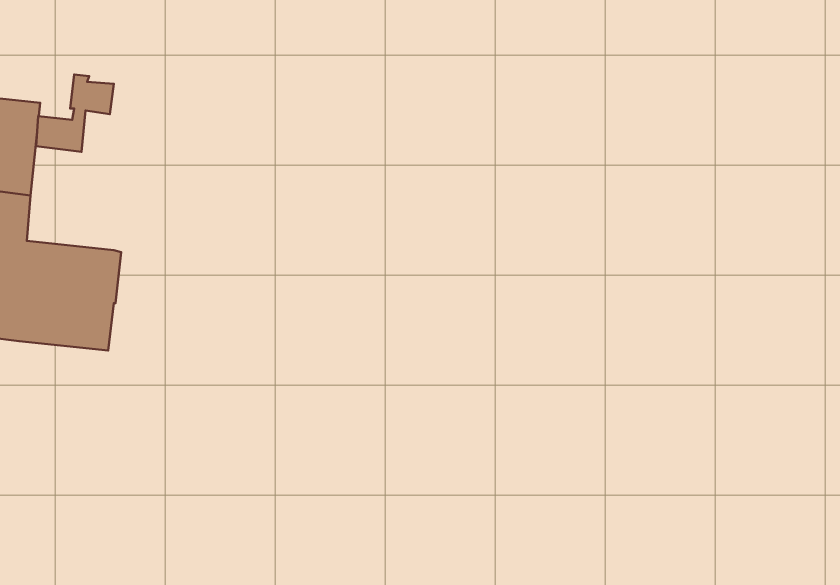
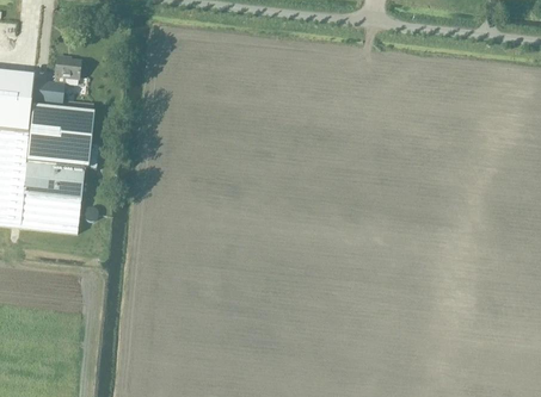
building: none -> [25,106,93,168]

